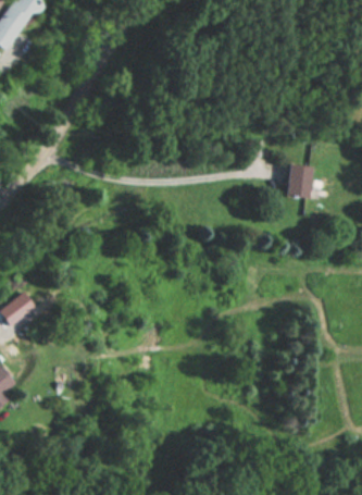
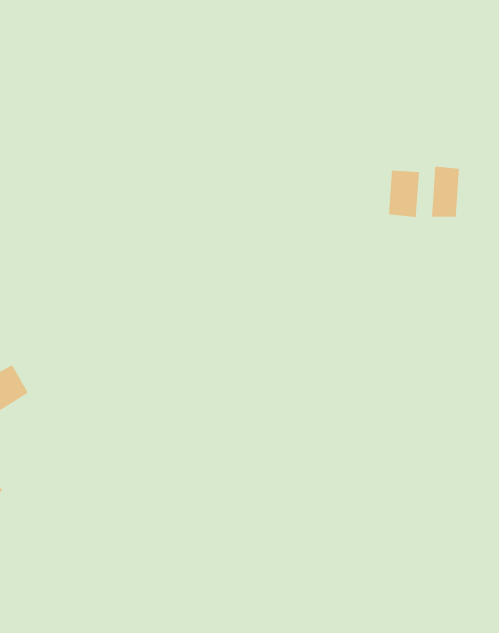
building: none -> [431,166,459,218]

